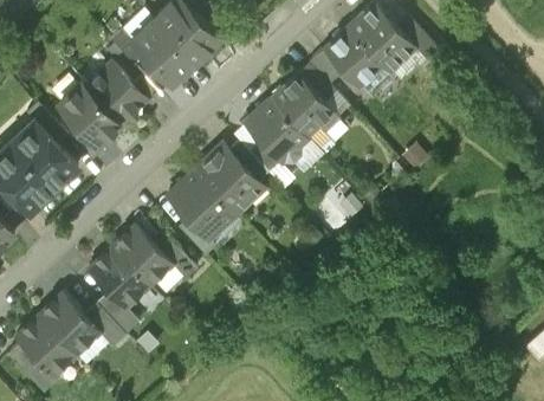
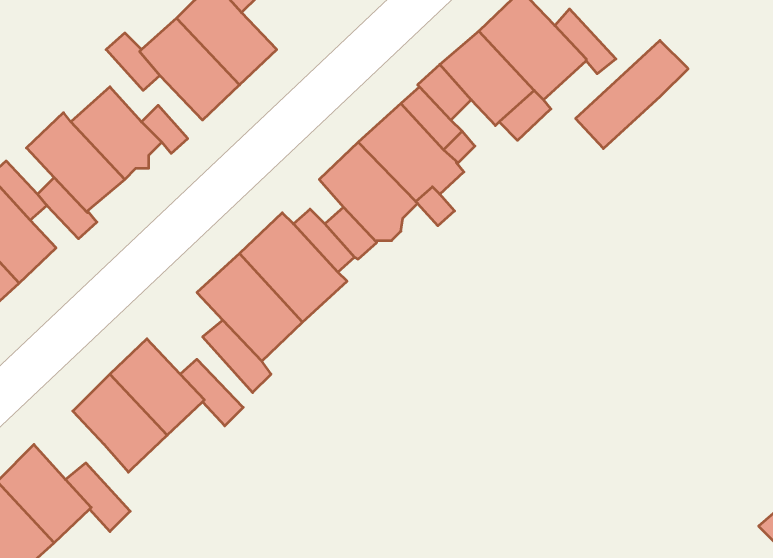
building: none -> [576,40,688,149]
building: [97,292,140,335] -> none

